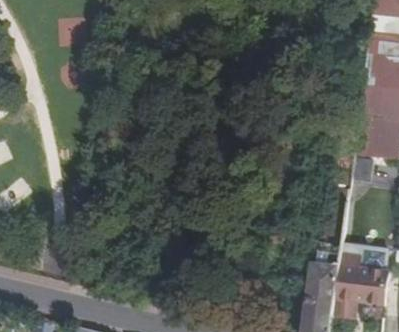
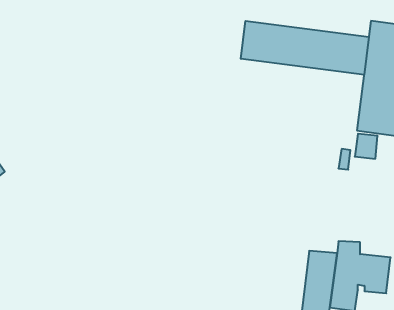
building: none -> [241,21,369,75]

